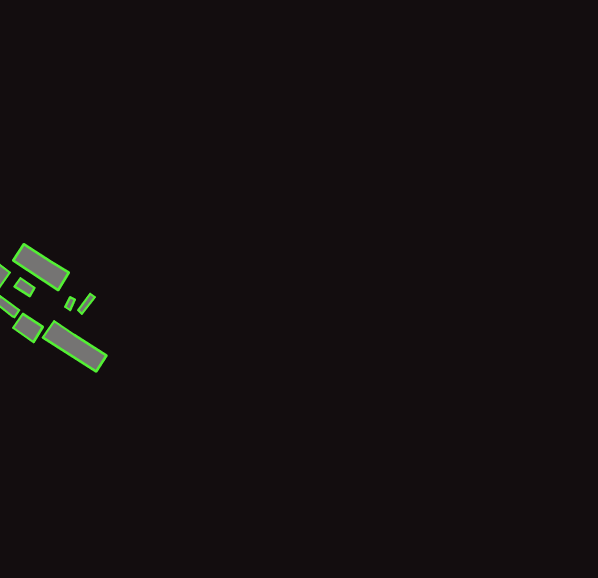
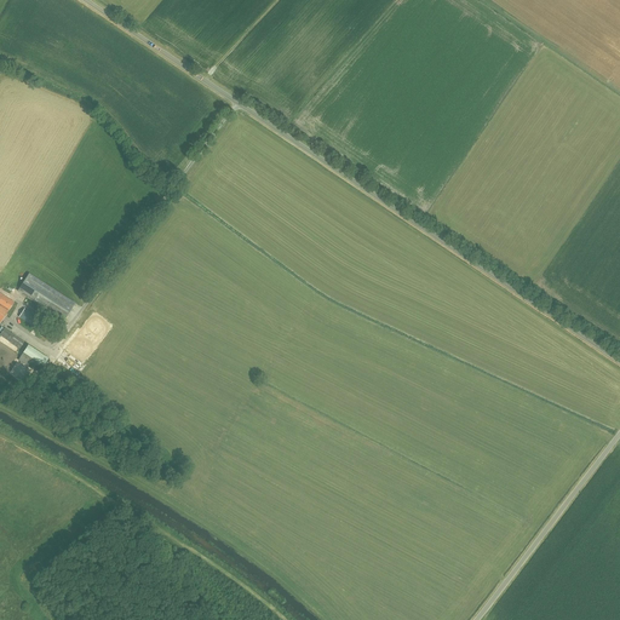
building: [43,321,106,371] -> none

